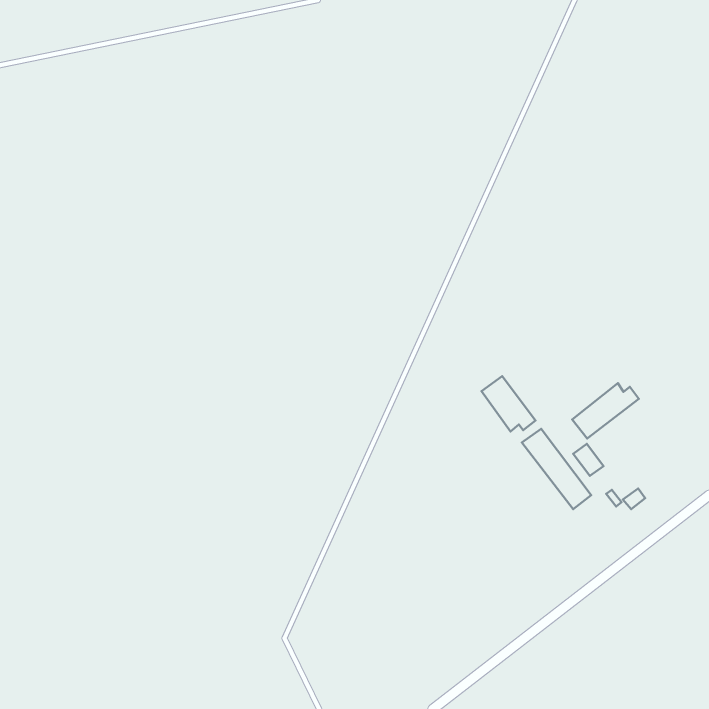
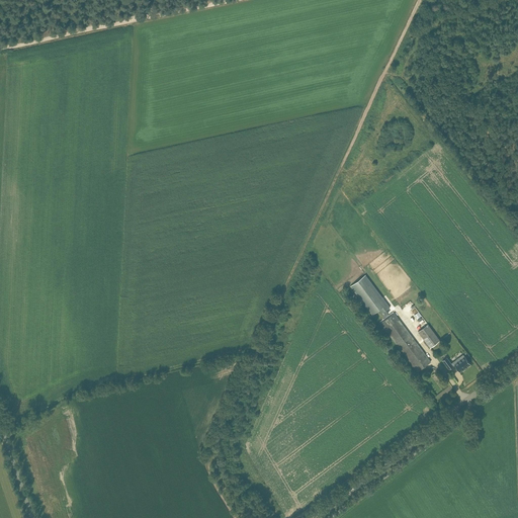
building: [572,383,639,438] -> none

